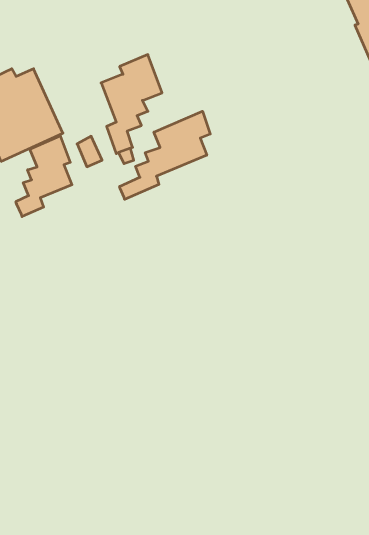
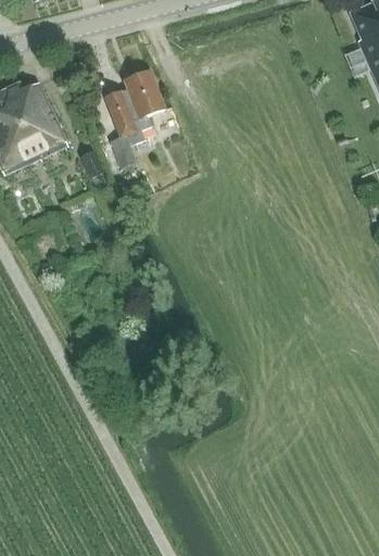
building: [120,111,210,199] -> none
building: [16,136,72,217] -> none

